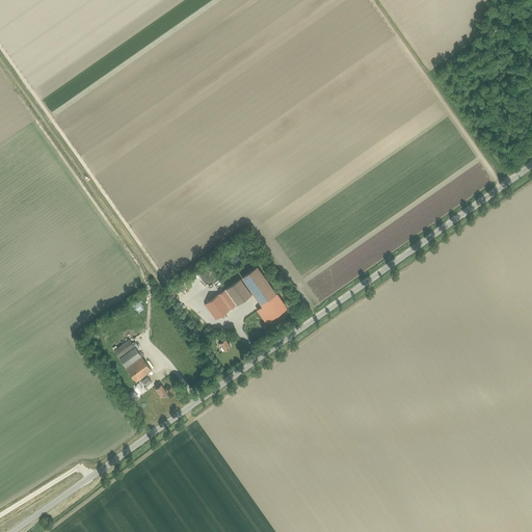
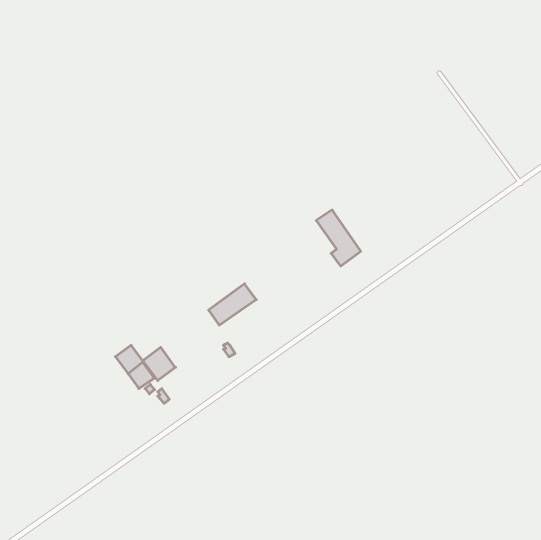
building: [242,268,286,323] -> [316,210,361,266]
building: none -> [143,347,176,381]

